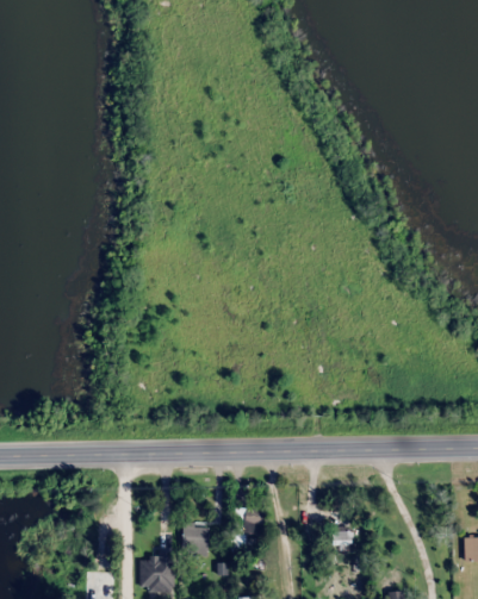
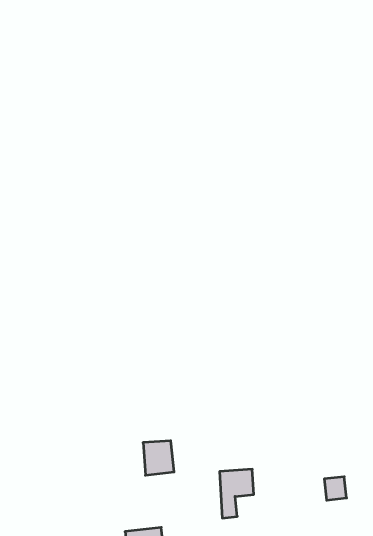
building: [182,525,210,556] -> [143,441,174,475]

